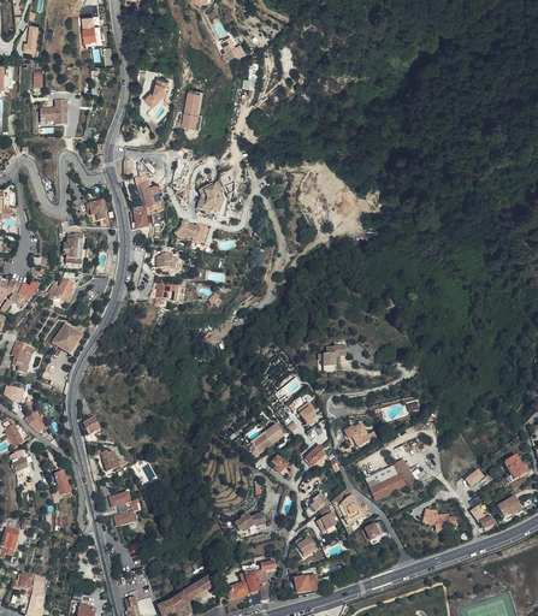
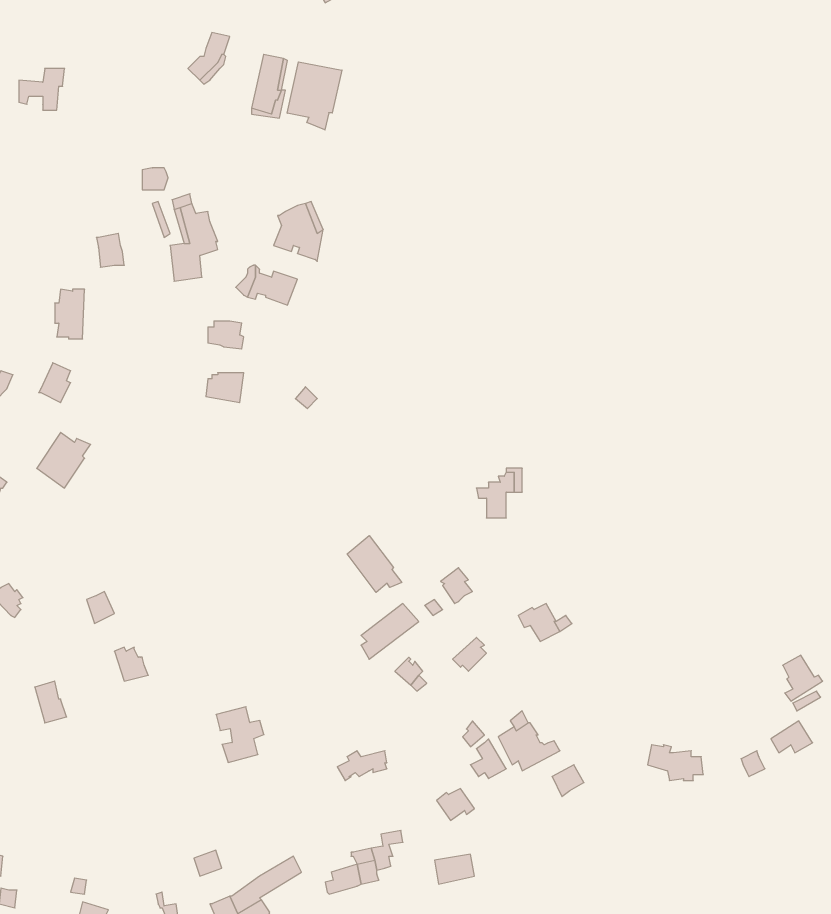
building: none -> [287,62,342,130]
building: none -> [347,536,402,592]
building: [365,466,404,498] -> none
building: [110,492,138,526] -> [216,707,264,762]

